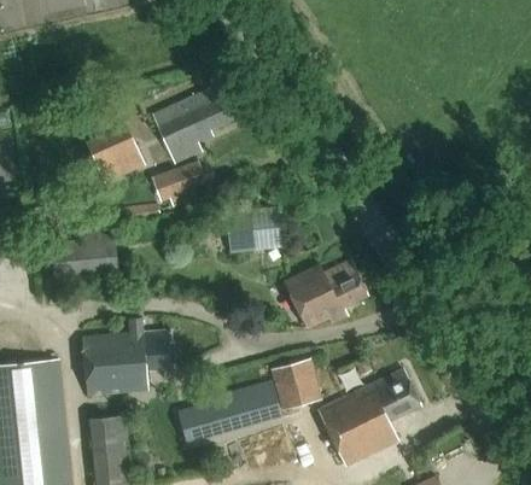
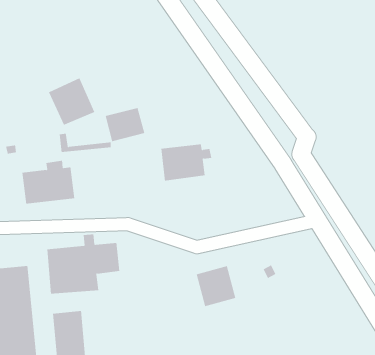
building: [151,86,235,163] -> none
building: [284,259,367,328] -> none
building: [319,368,420,466] -> none
building: [180,385,280,444] -> none

